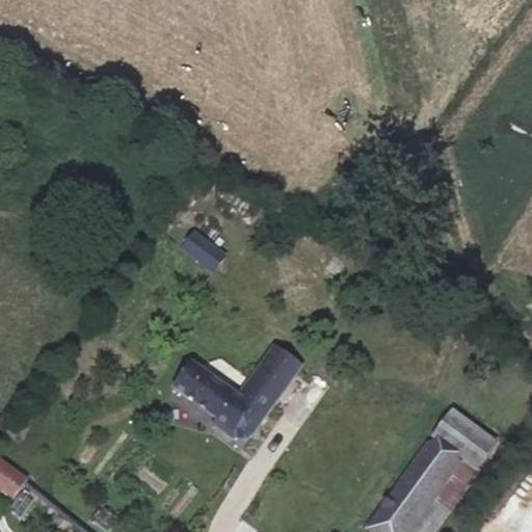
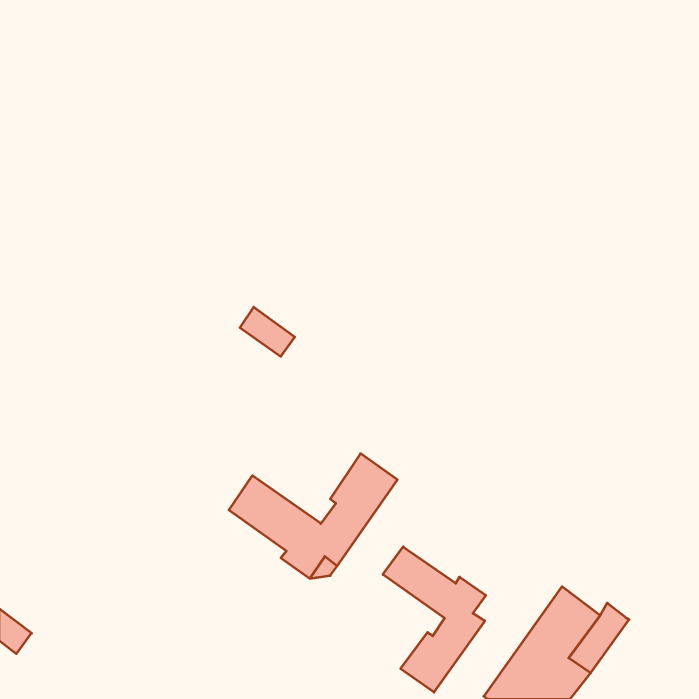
building: [432,410,495,469] -> none
building: none -> [383,547,486,692]

